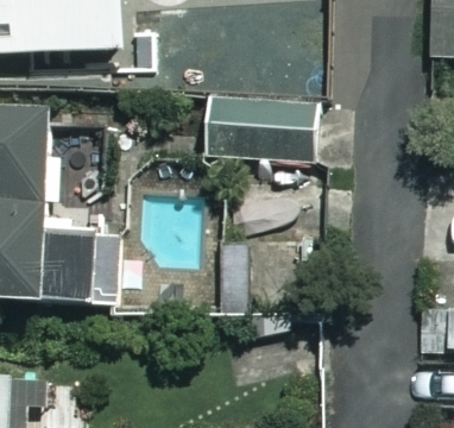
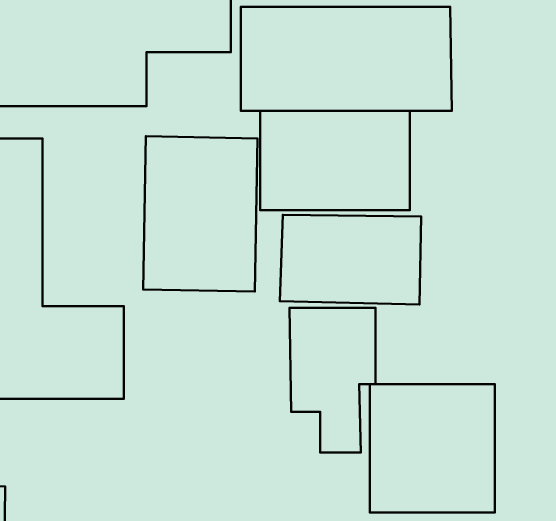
building: none -> [143,136,258,292]
building: none -> [370,384,495,512]

